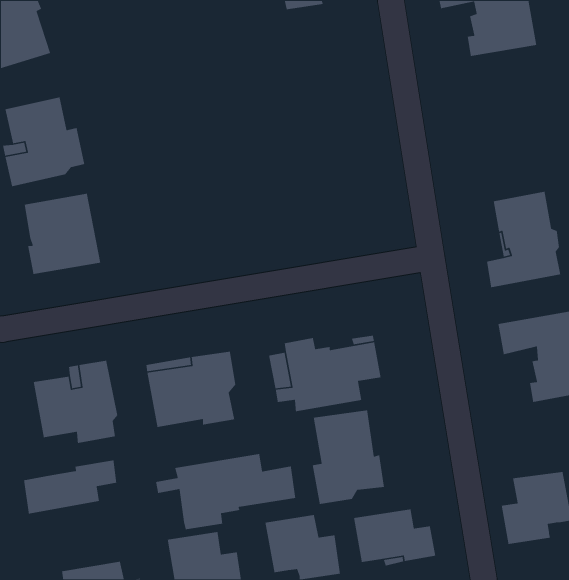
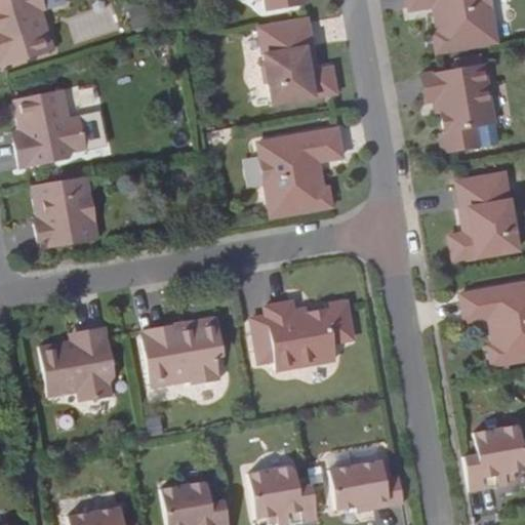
building: none -> [260,19,337,104]
building: none -> [420,65,494,154]
building: none -> [259,128,344,215]
building: [312,410,385,505] -> none
building: [155,453,296,530] -> none
building: [23,460,117,514] -> none

